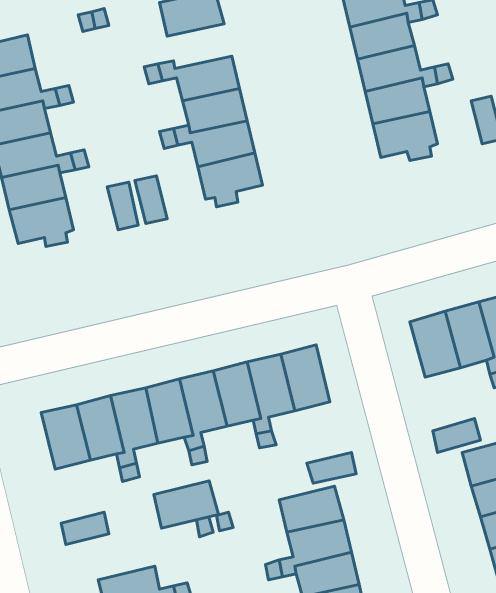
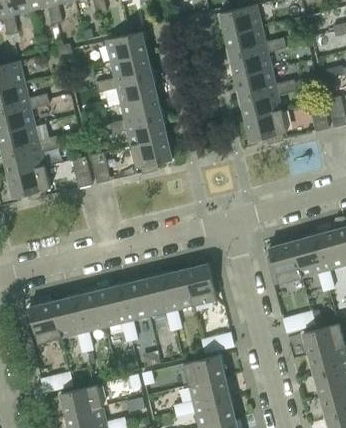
building: none -> [110,54,152,83]
building: [154,481,218,528] -> [60,385,102,416]

